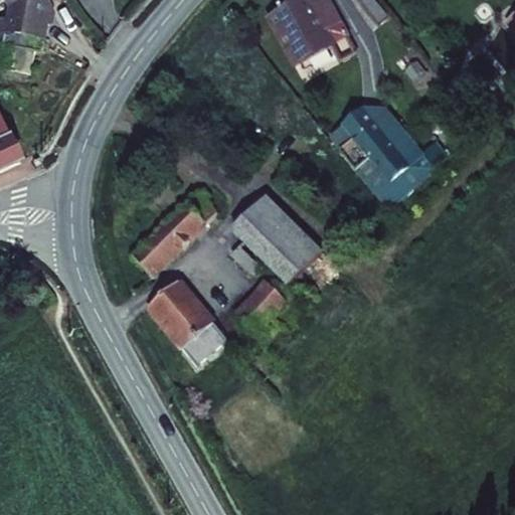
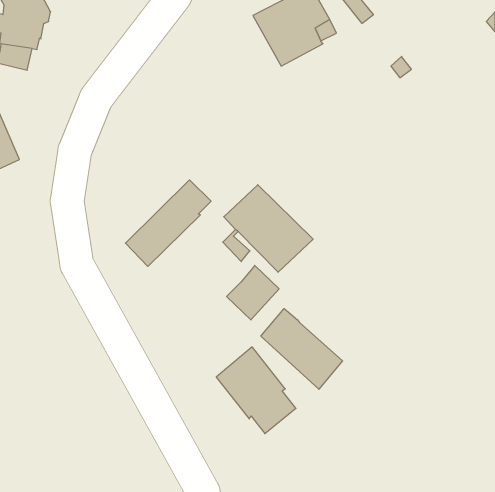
building: [328,107,433,211] -> none
building: [145,274,227,363] -> [216,347,296,434]
building: none -> [261,309,343,389]

